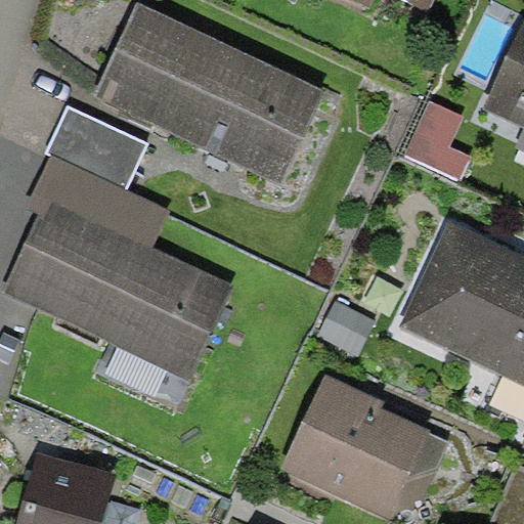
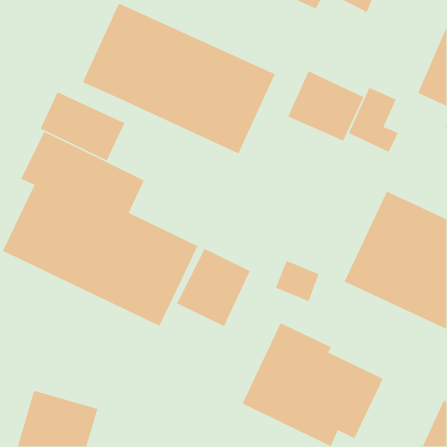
building: none -> [287,70,364,142]
building: none -> [176,248,251,327]

